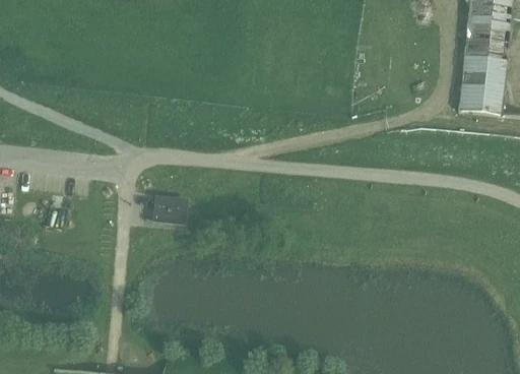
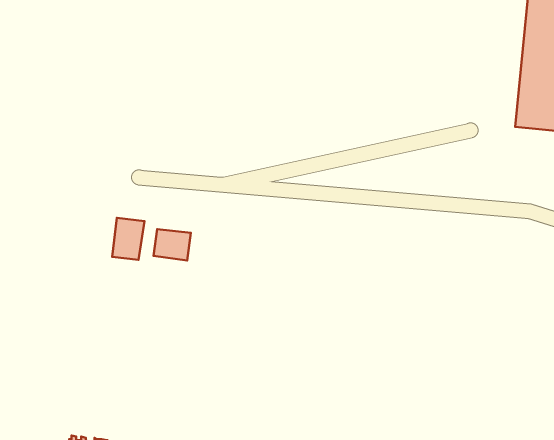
building: none -> [112,218,144,260]

